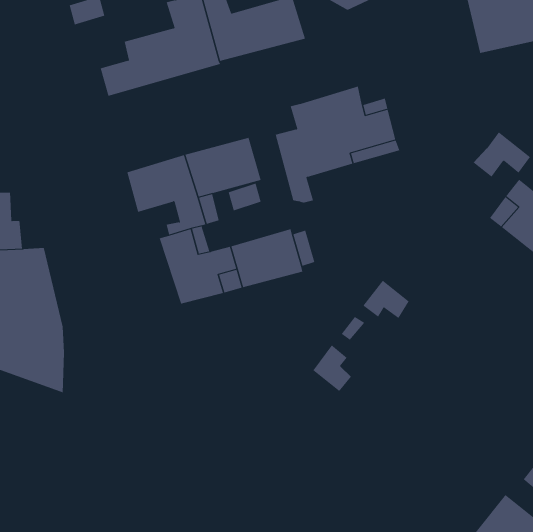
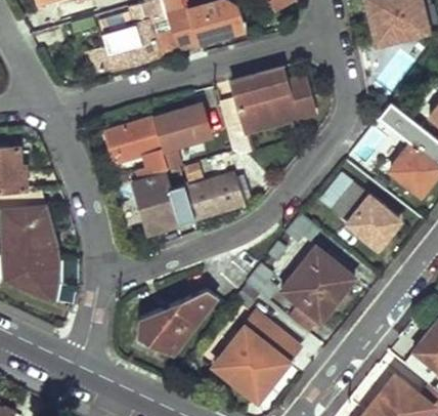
building: none -> [321,176,399,249]
building: none -> [281,247,355,334]
building: none -> [137,290,217,356]
building: none -> [216,316,289,400]

